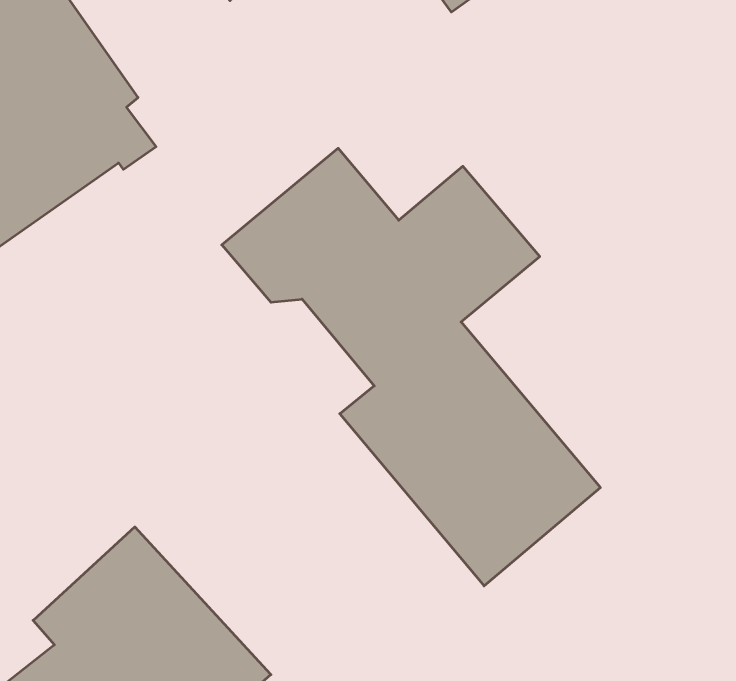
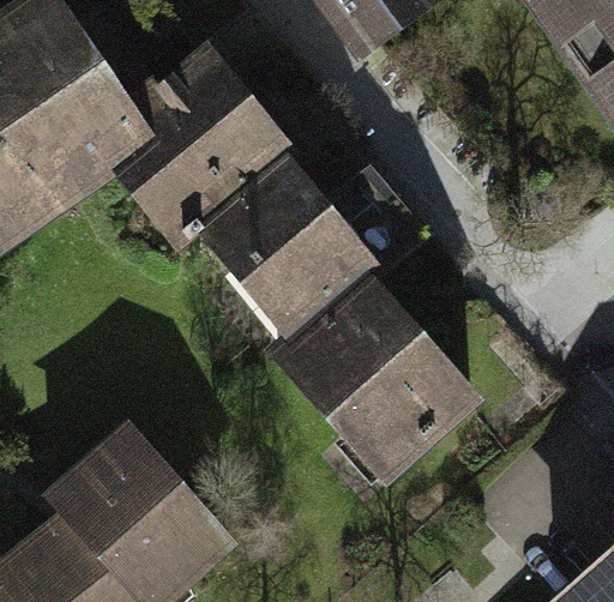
building: none -> [120,54,284,224]

